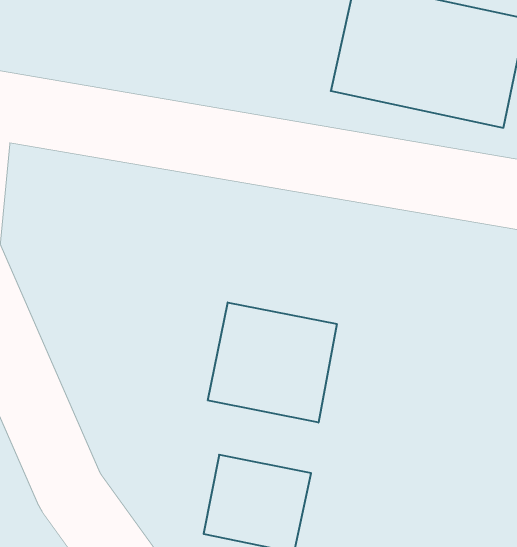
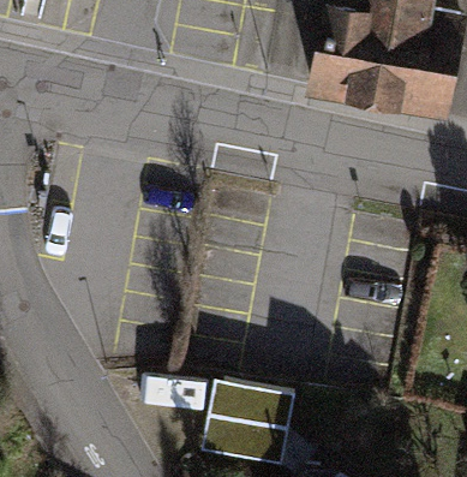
building: [208,302,337,423] -> none

